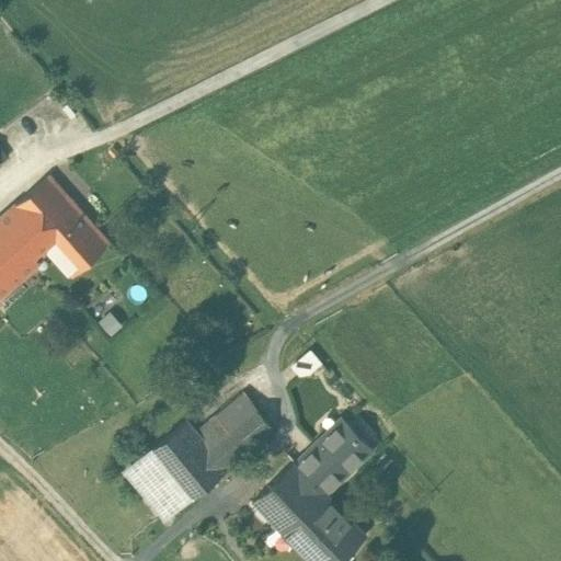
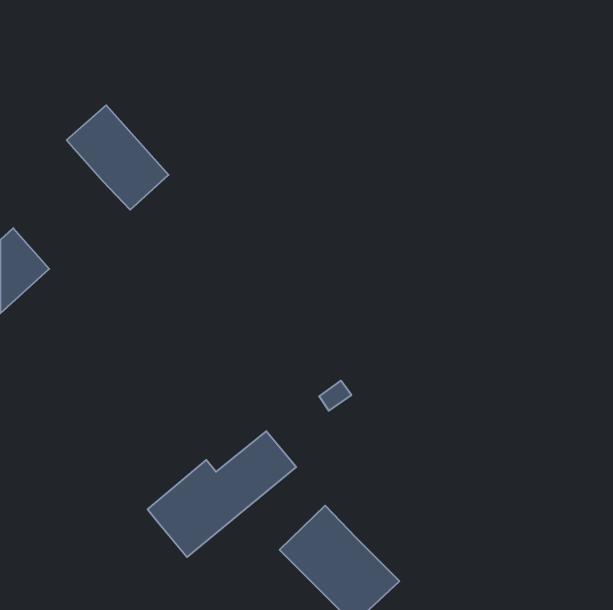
building: [12,180,105,275] -> [67,105,169,210]
building: [297,423,368,494] -> none

